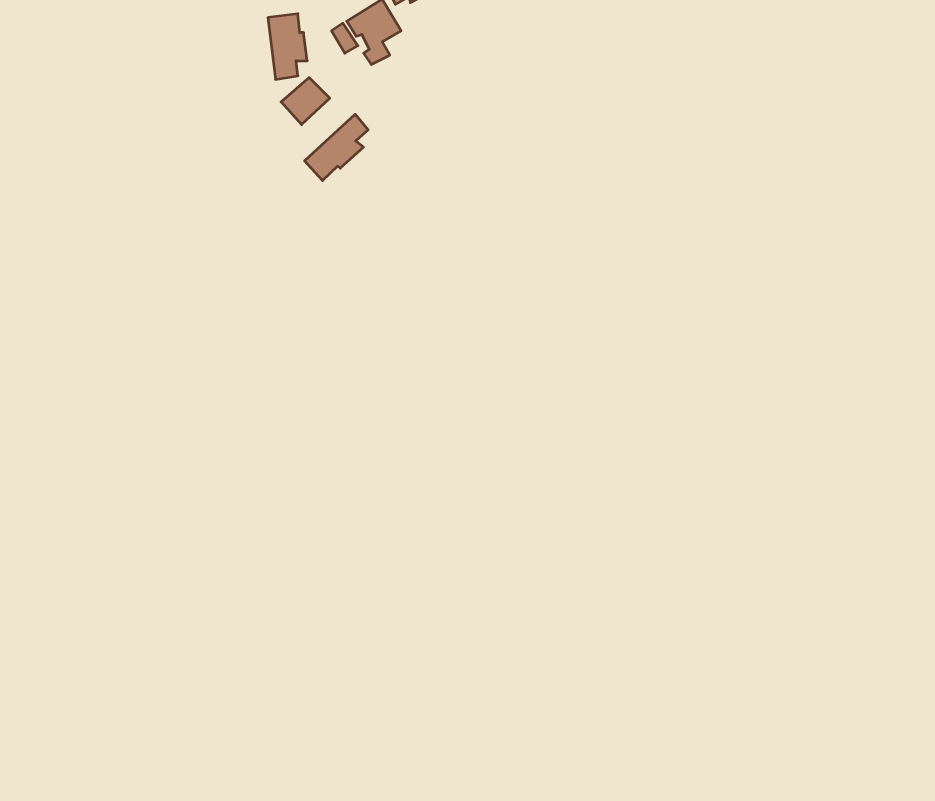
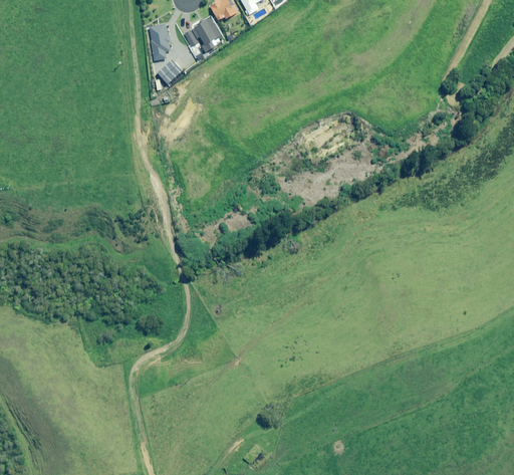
building: [305,114,368,181] -> none

